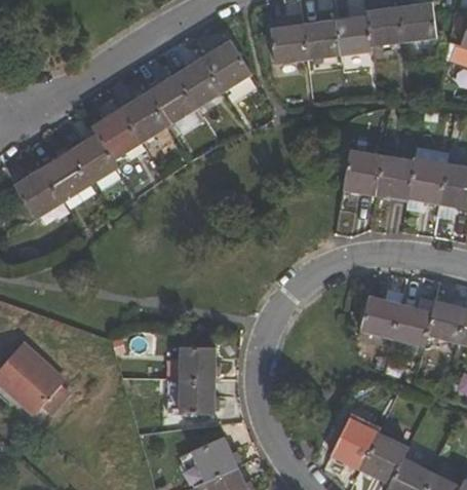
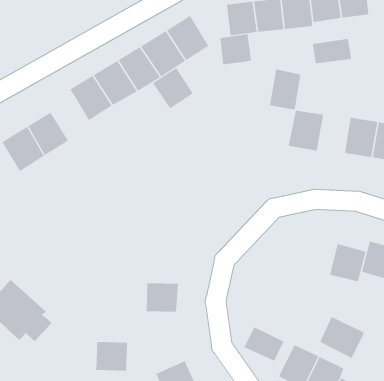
building: none -> [220,34,251,65]
building: none -> [312,38,352,64]
building: none -> [152,67,193,109]
building: [70,134,117,184] -> none
building: [376,154,413,201] -> [269,69,301,110]
building: [360,295,398,338] -> none
building: [178,380,215,414] -> [96,341,128,371]
building: none -> [319,316,364,359]
building: none -> [244,327,284,362]

